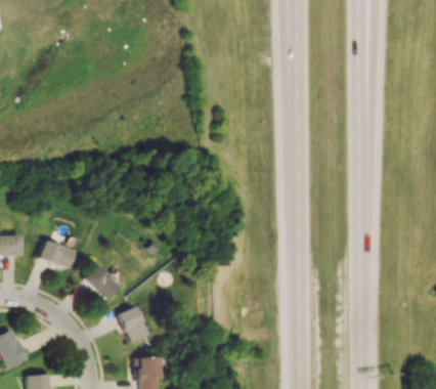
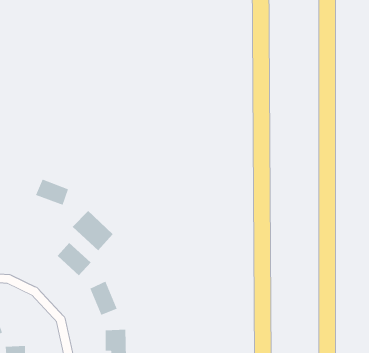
building: none -> [72,210,114,251]
building: [39,240,75,268] -> [35,179,69,206]

